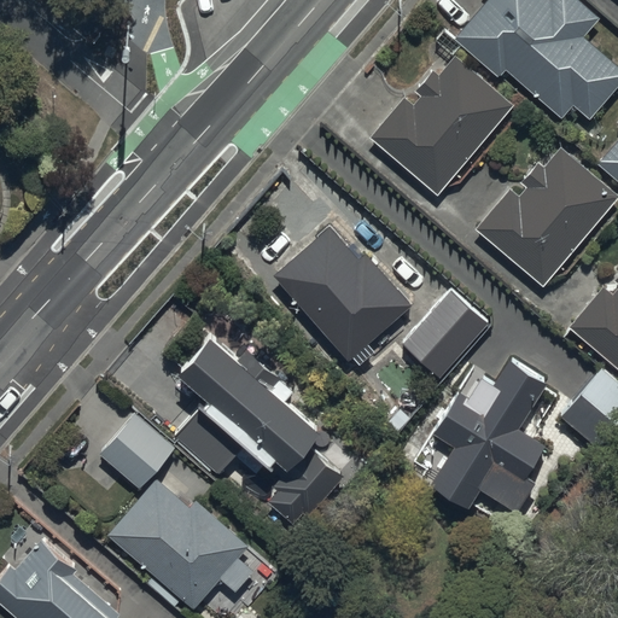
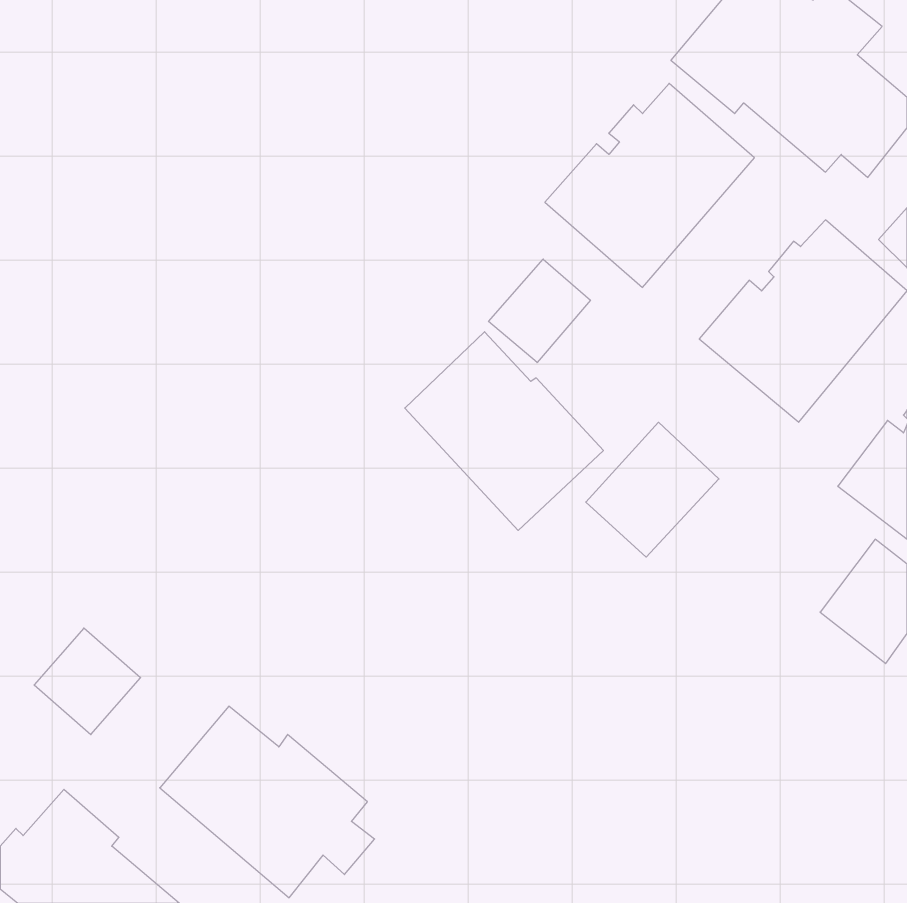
building: none -> [489,259,590,363]
building: [177,333,340,517] -> none
building: [428,361,550,514] -> none
building: [101,414,174,486] -> [34,628,141,735]

